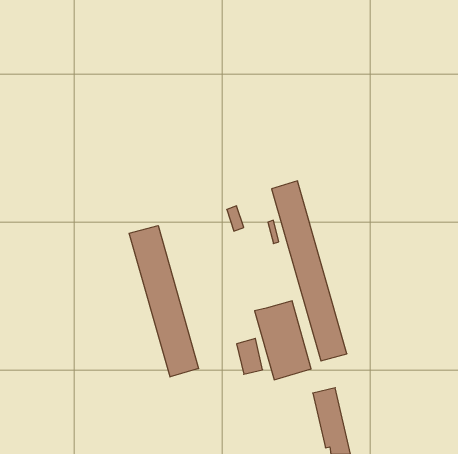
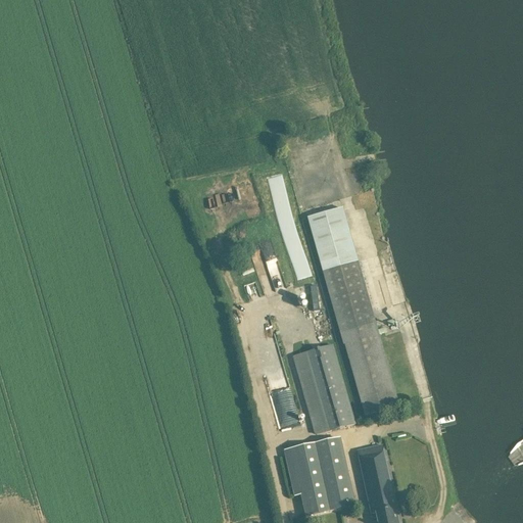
building: [129,226,199,377] -> none
building: none -> [284,436,352,511]

